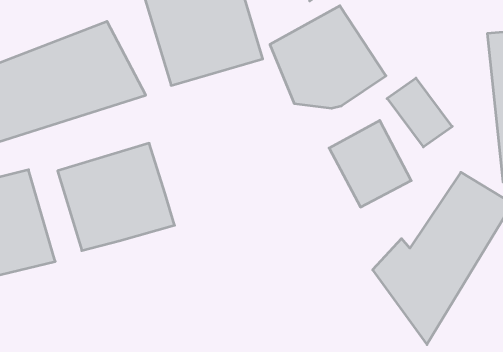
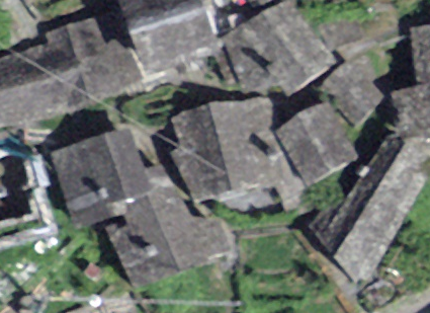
building: none -> [169,99,280,201]
building: none -> [102,161,234,290]

